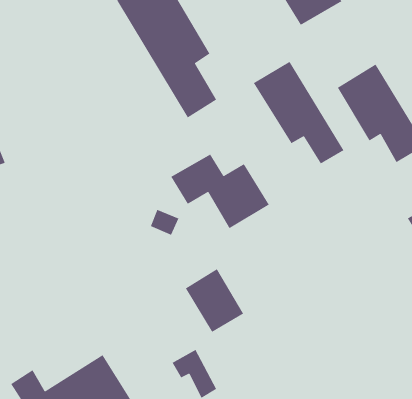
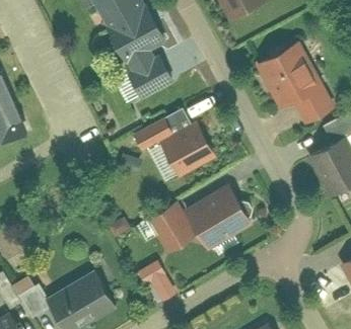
building: [253,61,345,165] -> none
building: none -> [183,180,251,244]

